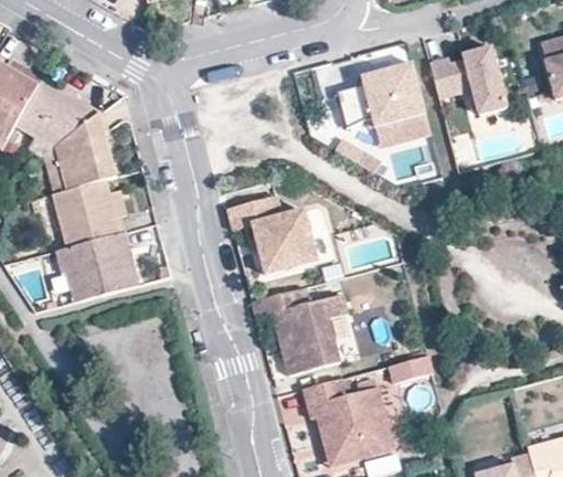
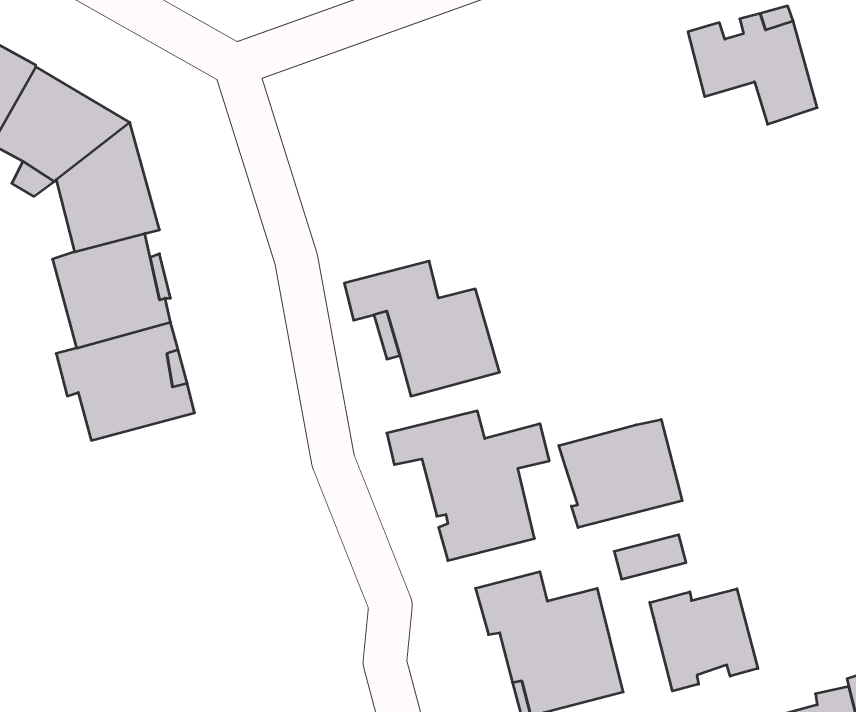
building: [337,62,428,129] -> none
building: none -> [559,419,682,528]
building: none -> [650,589,758,691]

